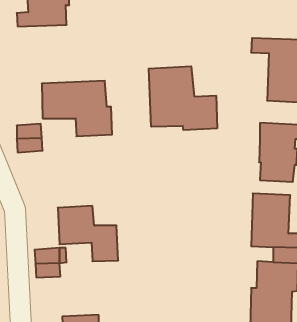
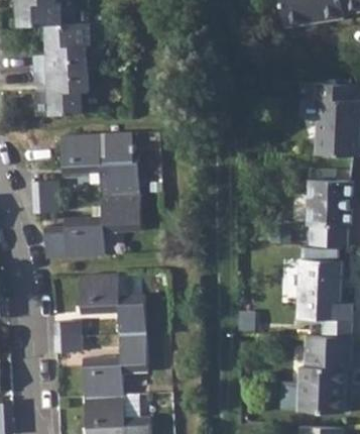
building: none -> [32,68,90,115]
building: [149,66,217,130] -> none
building: none -> [43,192,142,256]
building: none -> [83,334,149,398]

